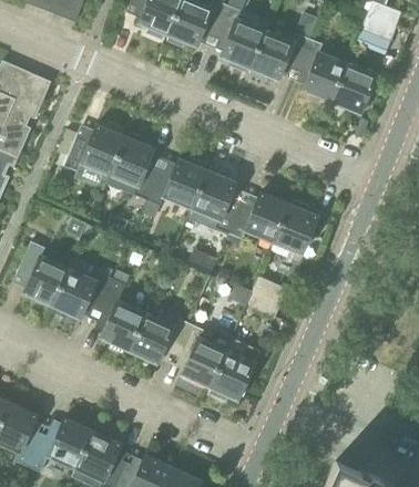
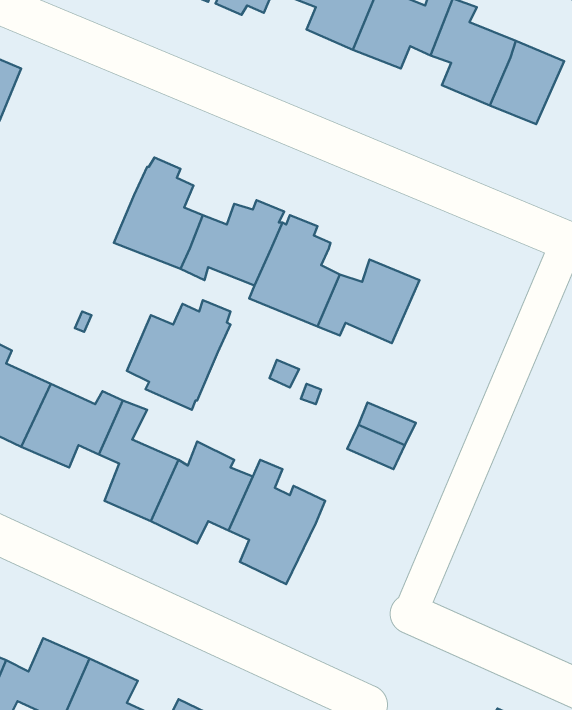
building: [63,124,125,189] -> [127,300,231,410]
building: [272,200,316,256] -> none
building: [208,345,258,400] -> none

